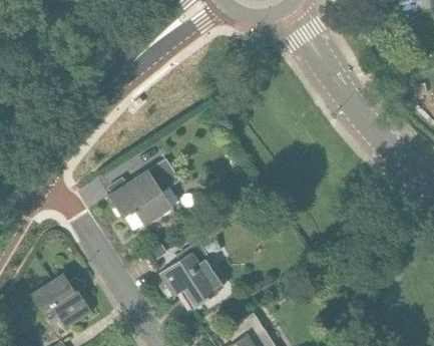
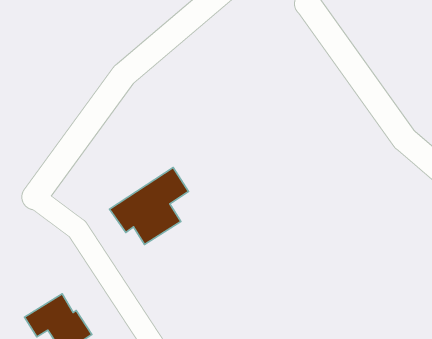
building: [158,253,223,310] -> none

